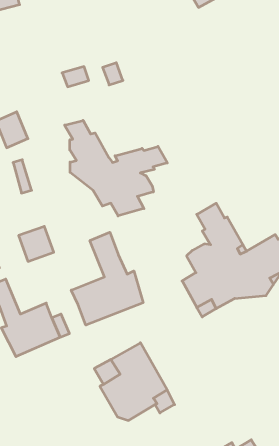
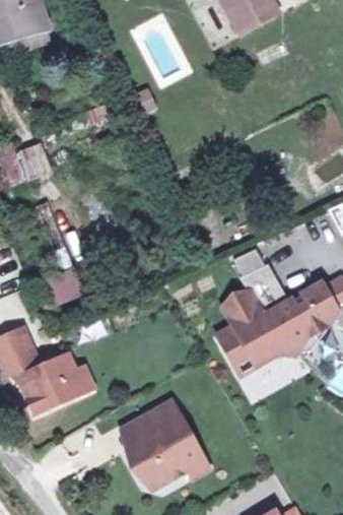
building: [65,120,167,216] -> none
building: [71,232,143,325] -> none

